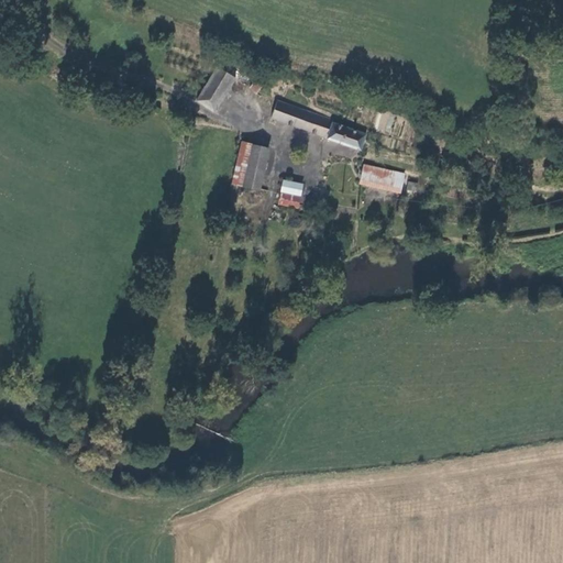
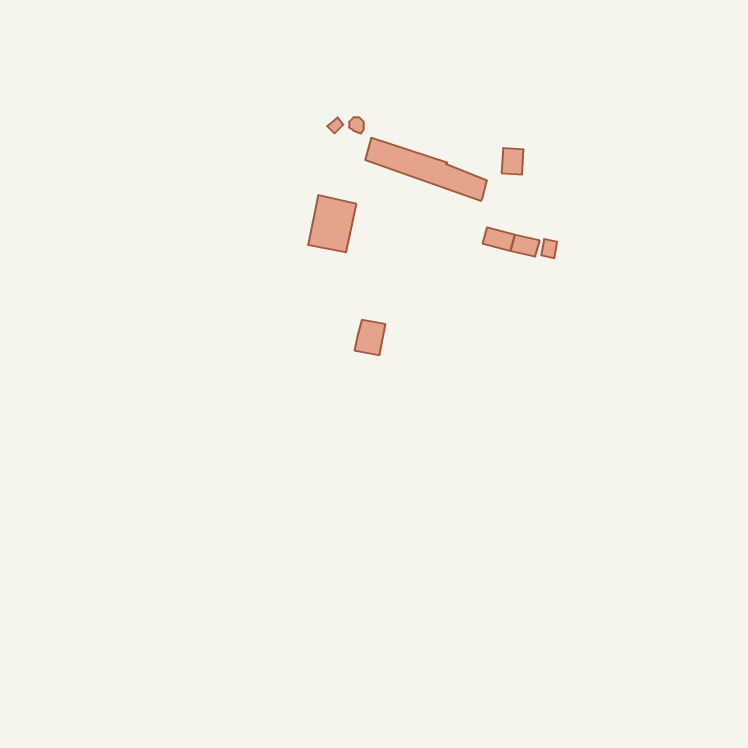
building: [196,65,238,111] -> none
building: [280,181,303,208] -> [355,320,385,355]

